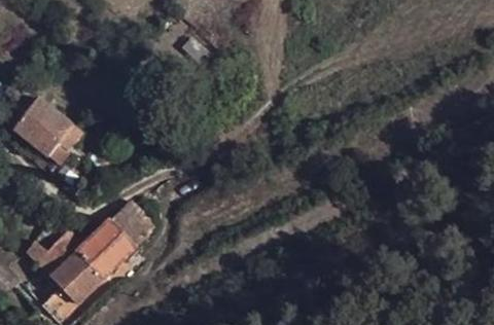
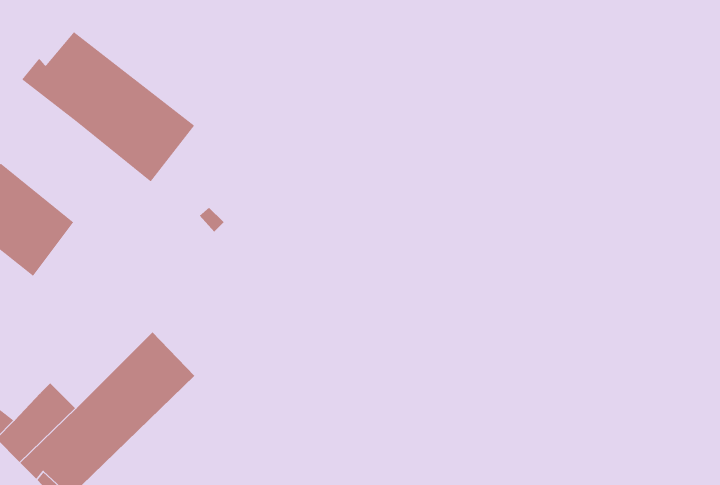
building: none -> [21,31,195,183]

